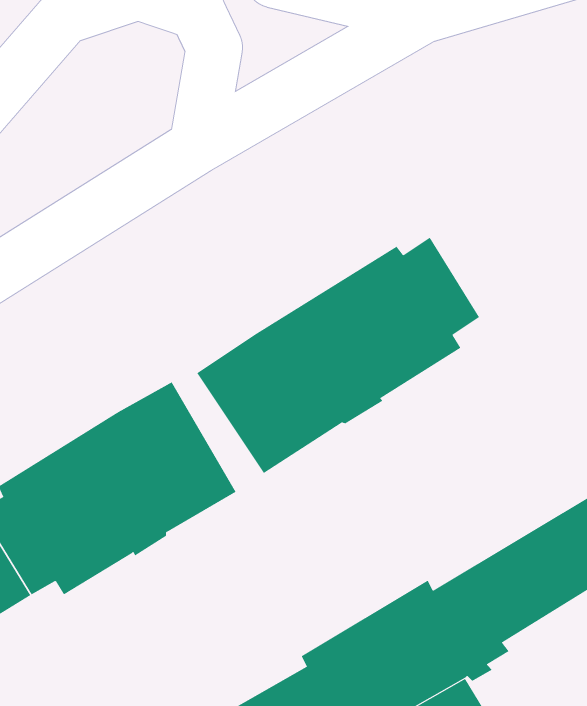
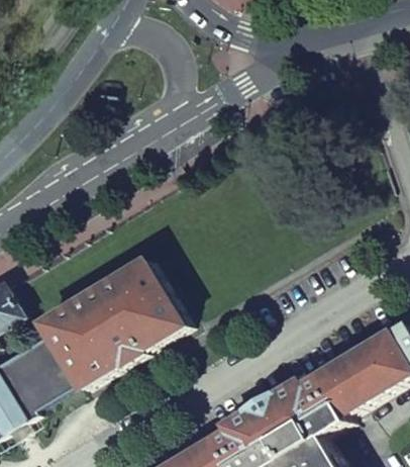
building: [197,237,480,474] -> none

